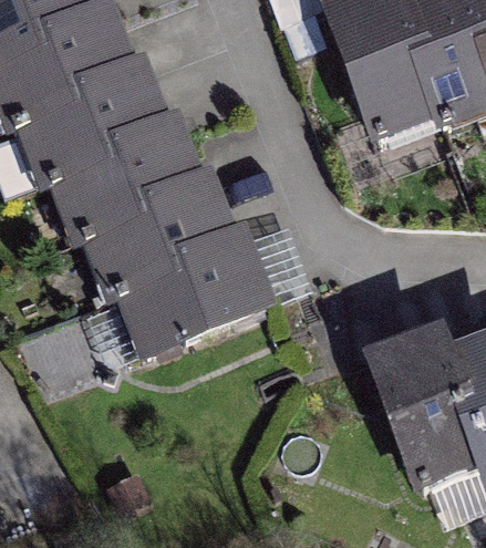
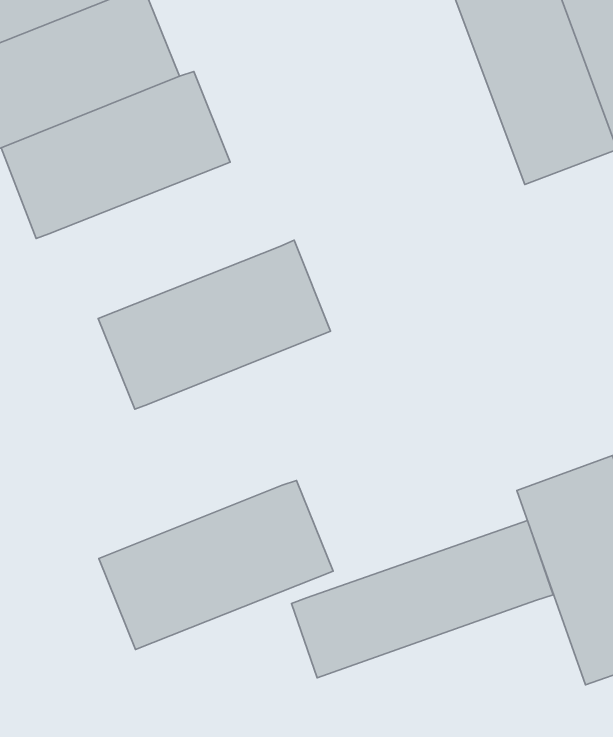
building: [44,121,205,238] -> none
building: [113,239,276,356] -> [99,480,333,649]
building: none -> [291,520,553,678]

